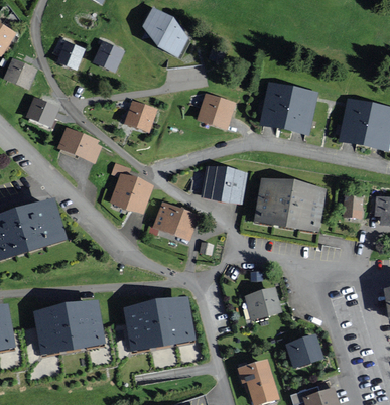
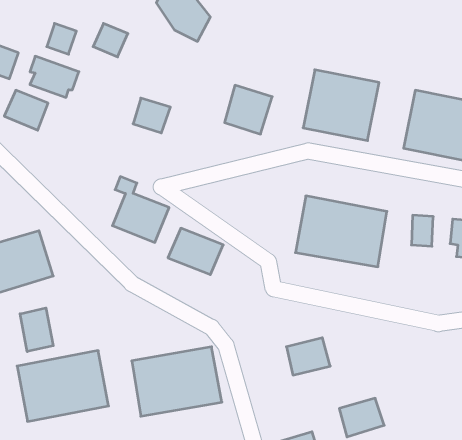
building: [61,126,100,158] -> [30,56,79,97]
building: [202,165,245,202] -> none
building: none -> [20,308,53,352]

